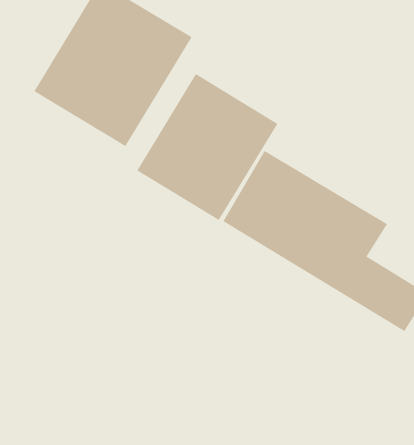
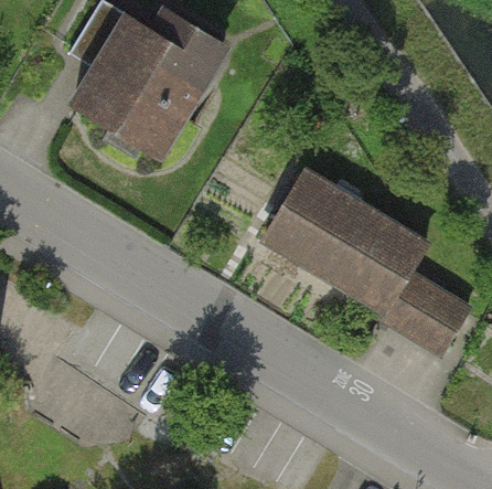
building: [136,73,278,221] -> none

